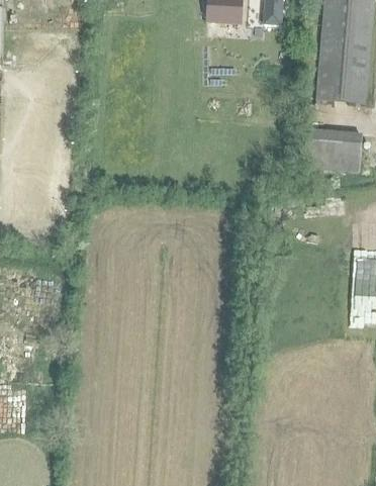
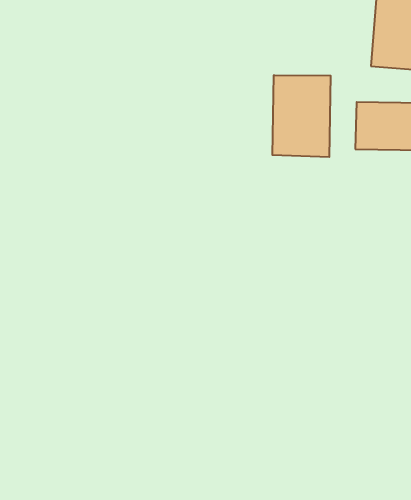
building: none -> [272,75,331,157]

